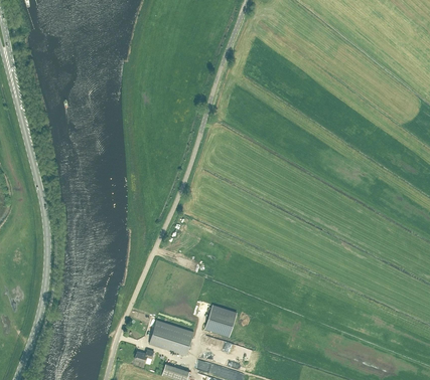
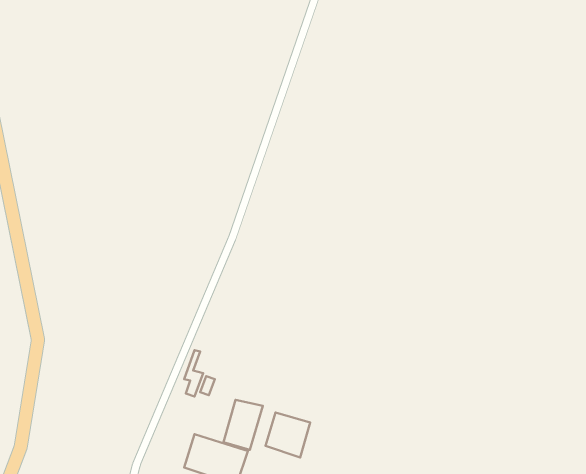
building: none -> [223,400,263,450]

